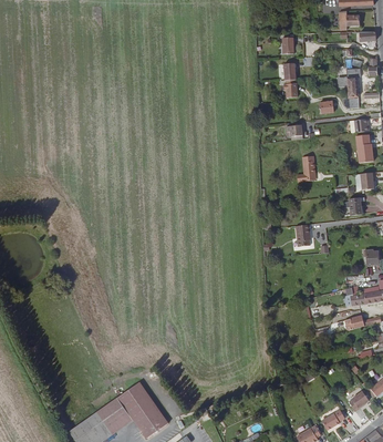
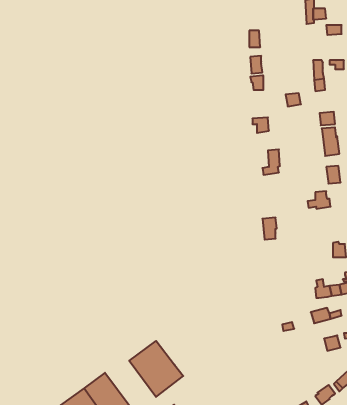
building: none -> [129,341,183,397]

